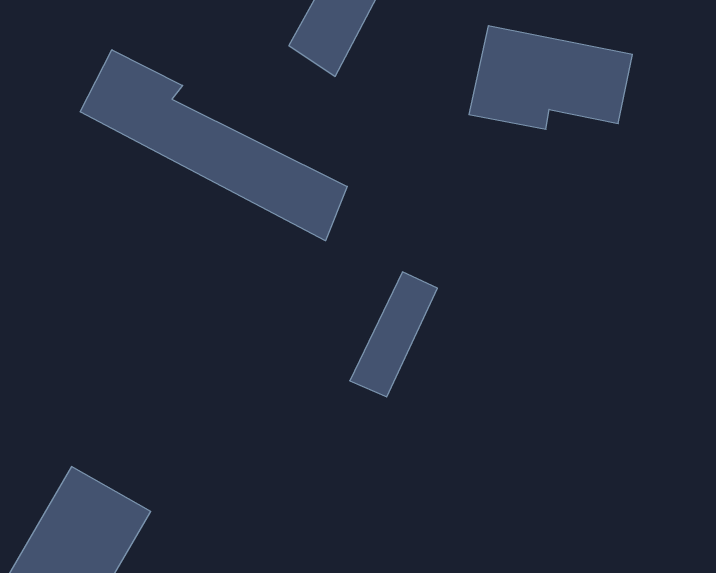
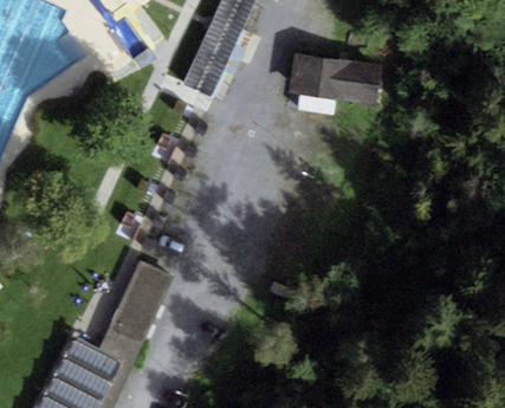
building: [80,50,347,241] -> none
building: [350,272,437,397] -> [114,263,162,337]

